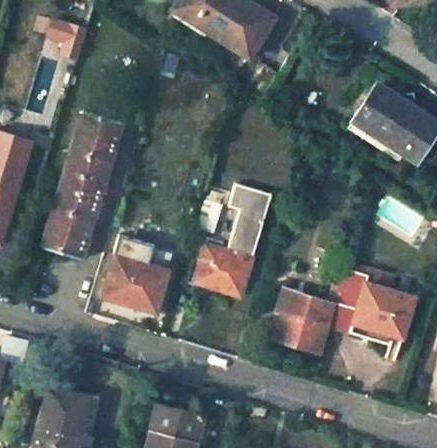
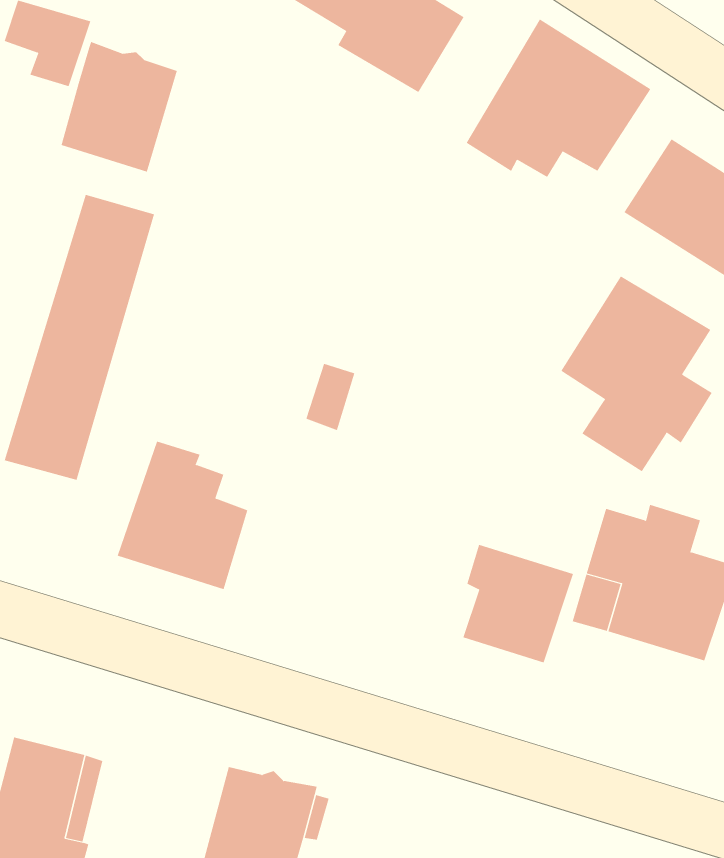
building: none -> [466,18,651,178]
building: none -> [61,41,178,172]
building: none -> [561,276,713,472]
building: [196,183,271,295] -> none

